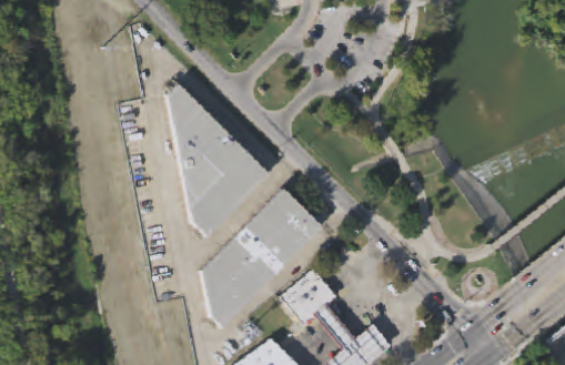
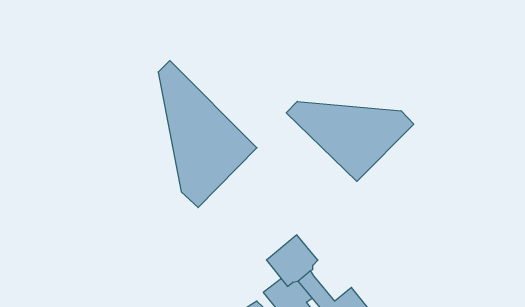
building: none -> [286,101,414,181]
building: [201,189,322,328] -> none

